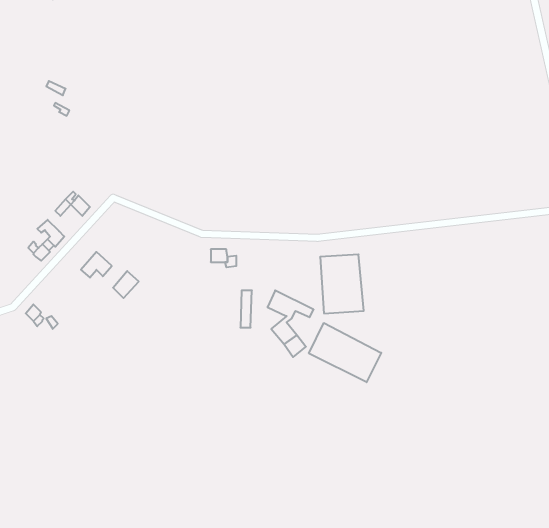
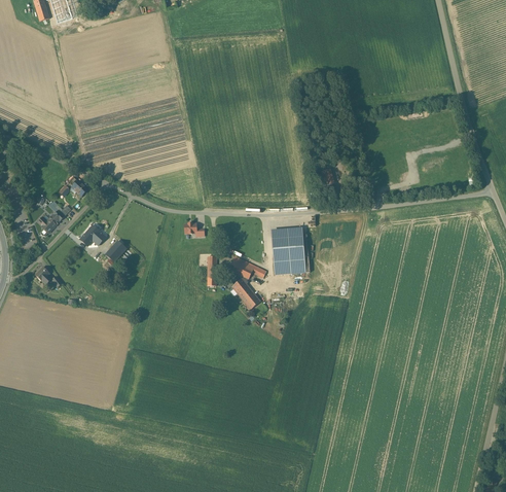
building: [309,323,381,382] -> none

